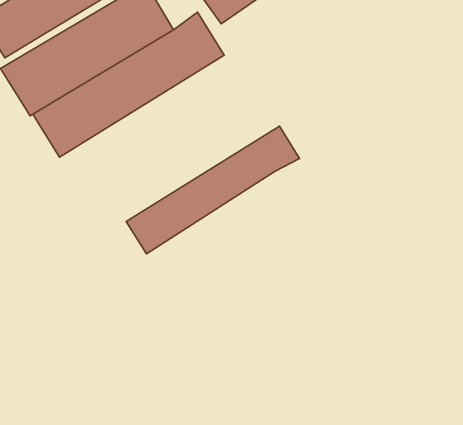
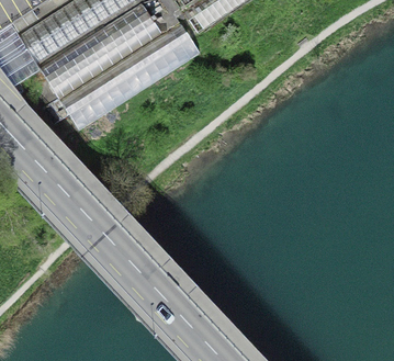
building: [126,126,300,254] -> none

